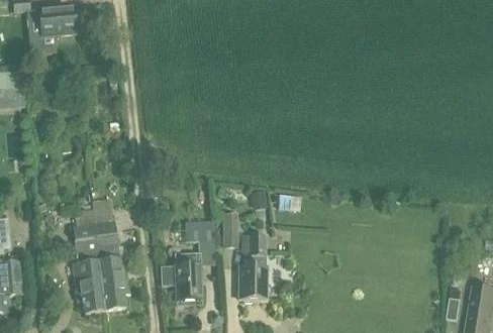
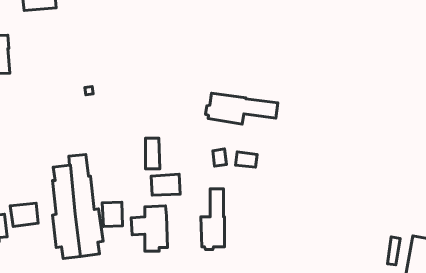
building: none -> [206,93,278,124]
building: [221,212,237,246] -> [145,138,160,169]
building: none -> [102,202,122,226]
building: none -> [10,203,38,227]

